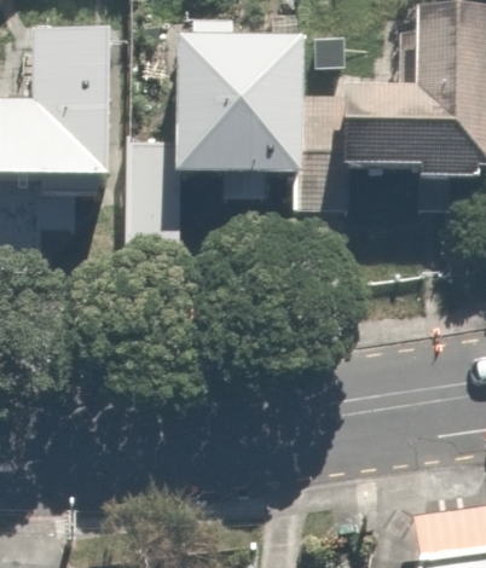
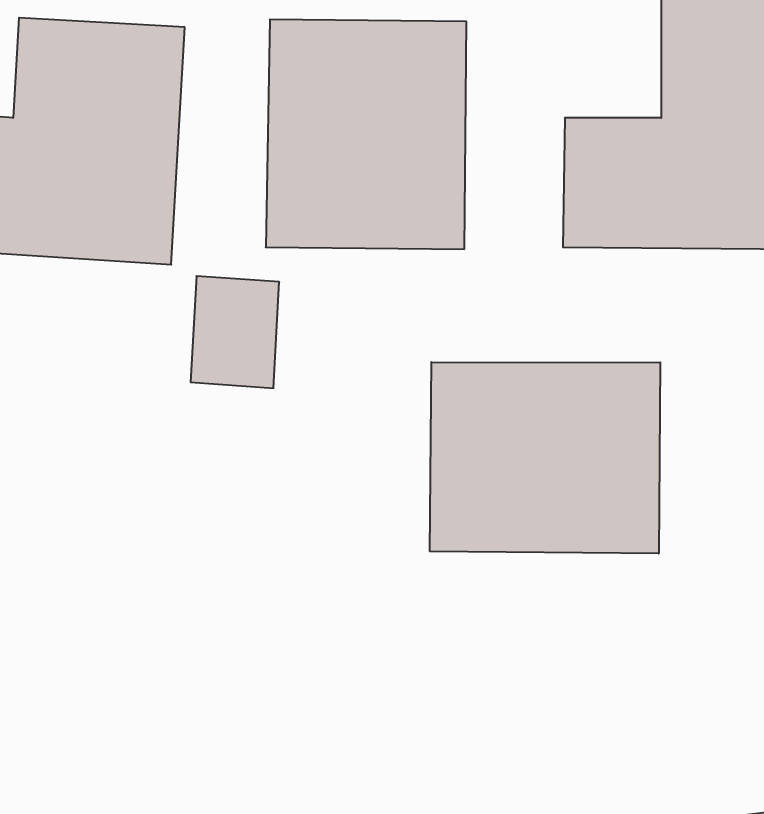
building: none -> [430,362,660,554]

